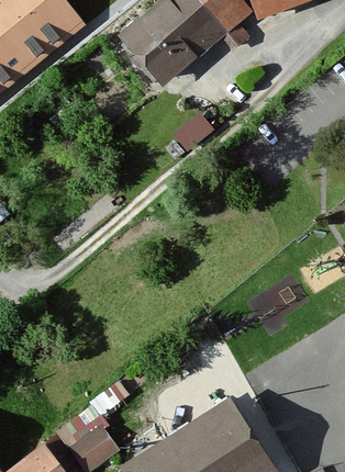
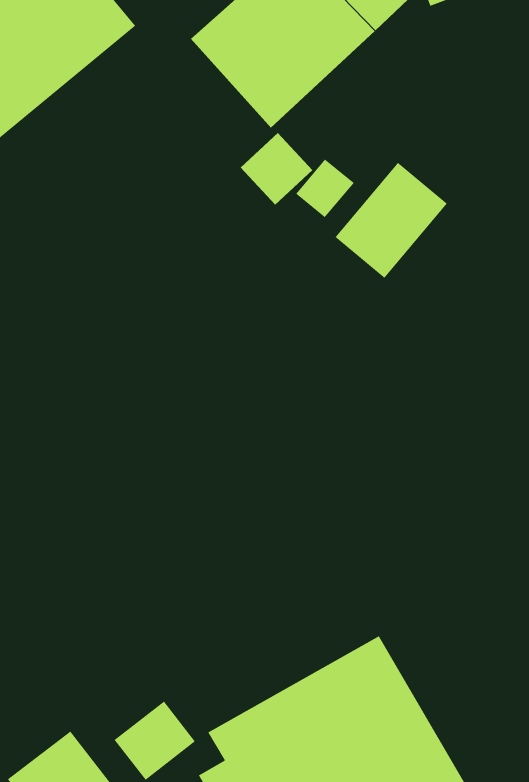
building: none -> [240,132,313,205]
building: none -> [335,162,448,279]

